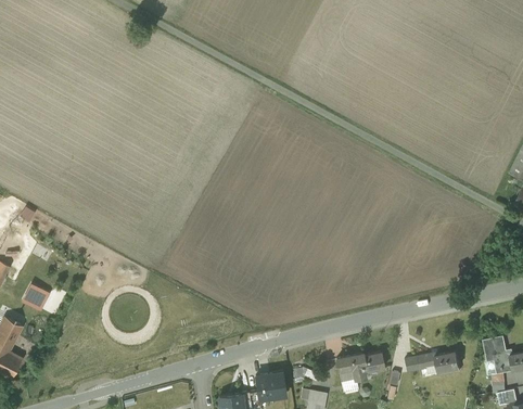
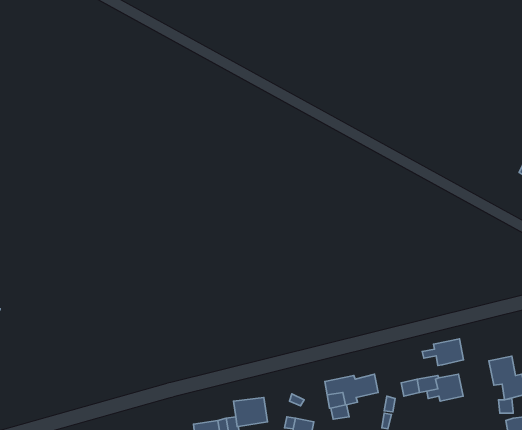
building: none -> [422,339,464,365]

